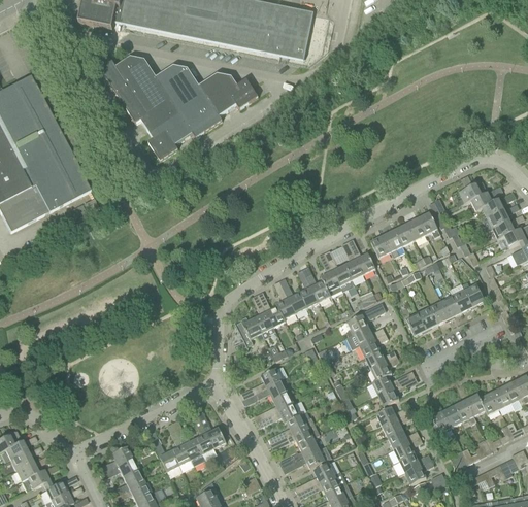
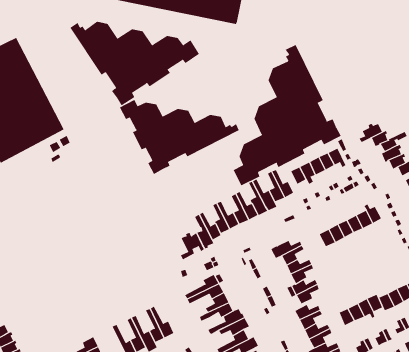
building: none -> [233,44,342,186]
building: none -> [119,99,240,175]
building: [345,302,386,336] -> none

